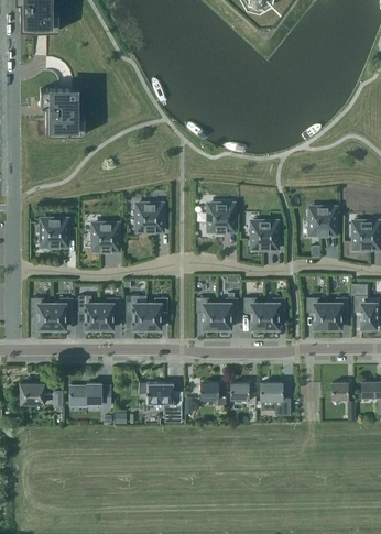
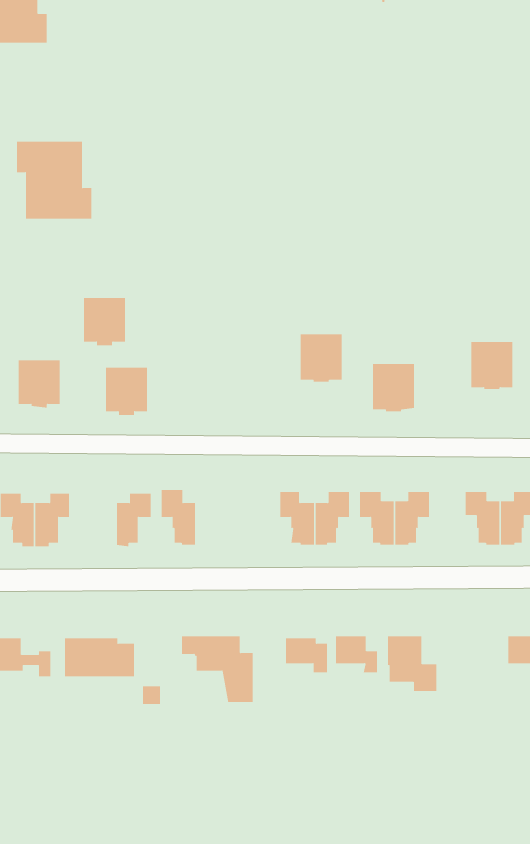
building: [137,204,162,232] -> [83,298,126,346]
building: [78,295,99,329] -> none
building: [146,298,167,329] -> none

